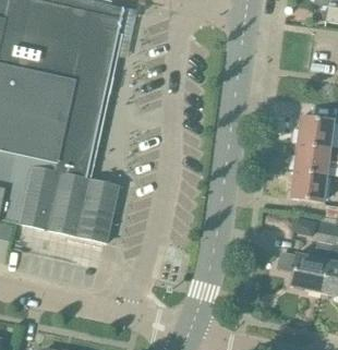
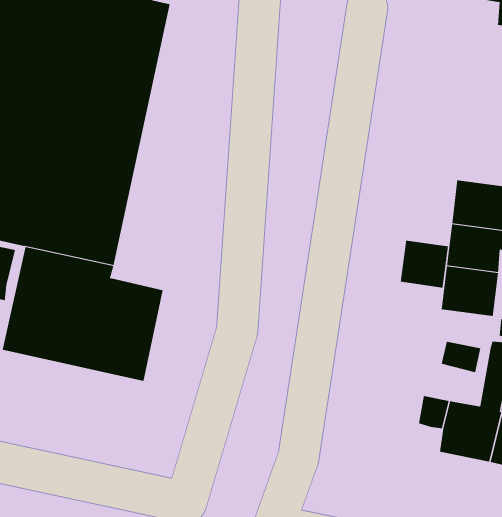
building: none -> [400,240,449,288]

